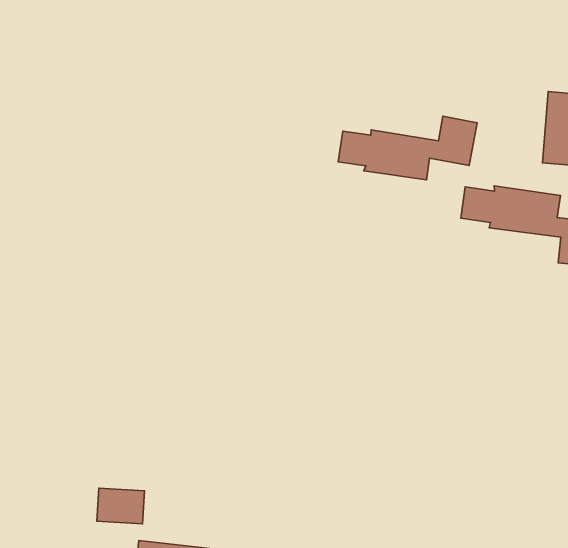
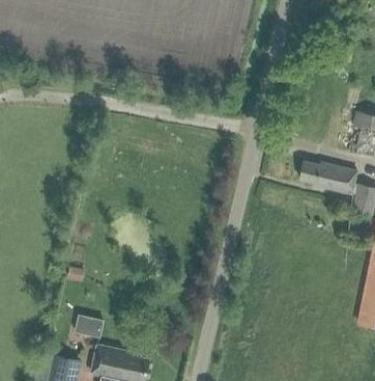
building: [338,116,477,180] -> none

